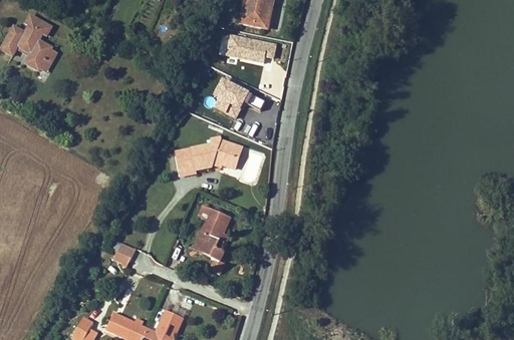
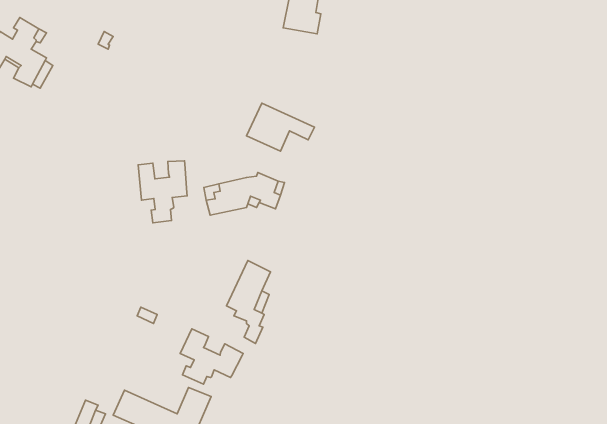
building: [226,37,277,63] -> none
building: none -> [138,161,187,223]
building: none -> [180,329,243,384]

